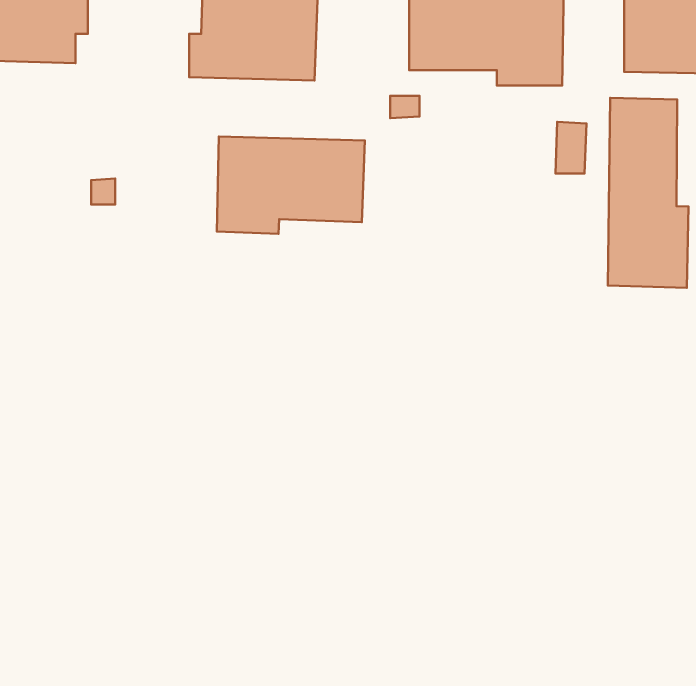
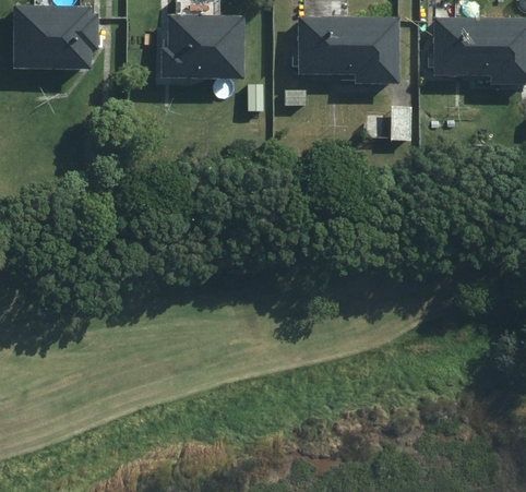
building: [608,98,688,288] -> none
building: [217,137,365,234] -> none

